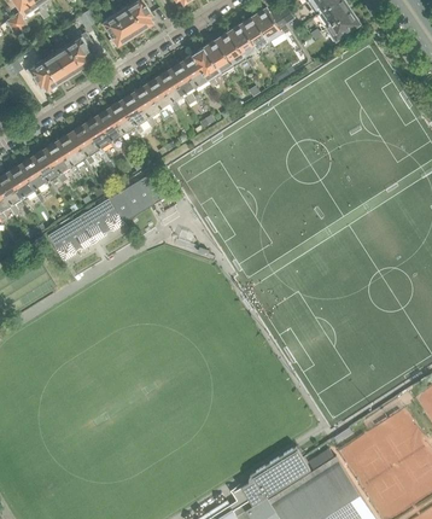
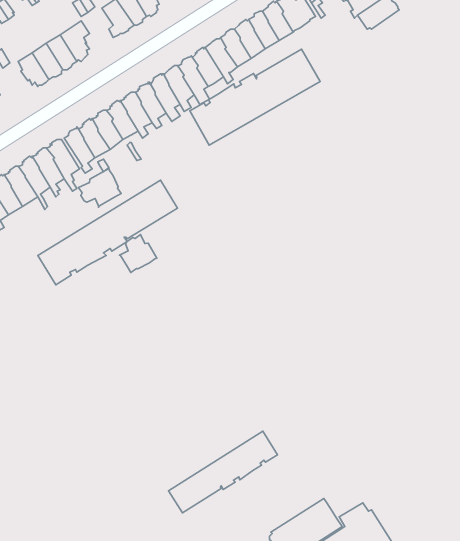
building: none -> [190,49,320,145]
building: none -> [79,169,121,207]
building: none -> [119,235,157,272]
building: none -> [168,431,277,513]

